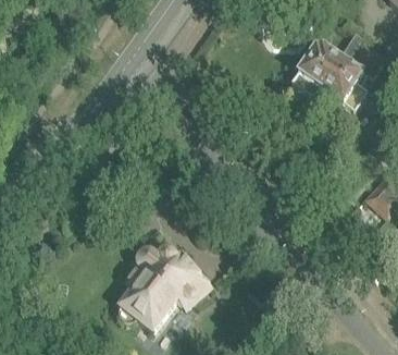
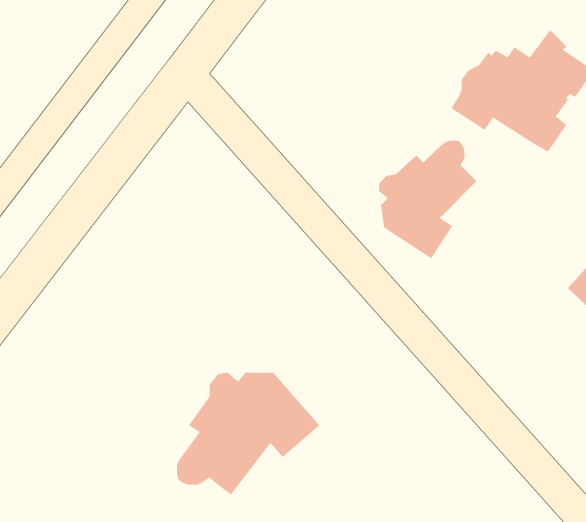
building: none -> [379,140,477,259]

